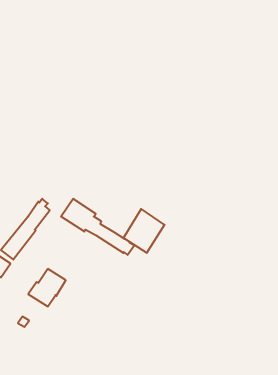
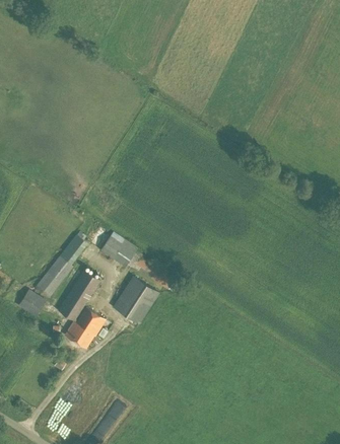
building: [123,209,165,253] -> [113,276,157,323]
building: none -> [57,270,99,321]

